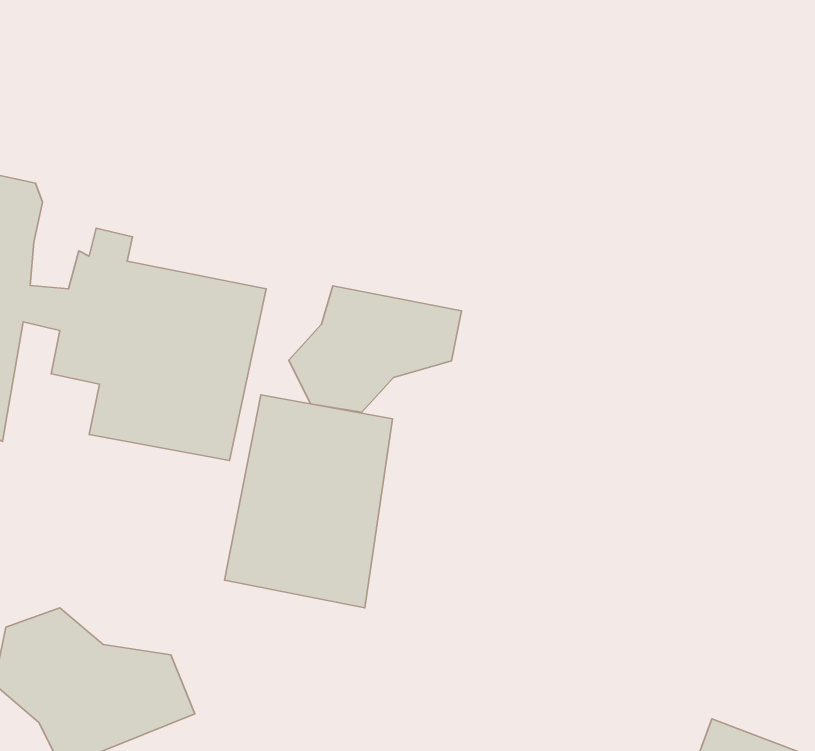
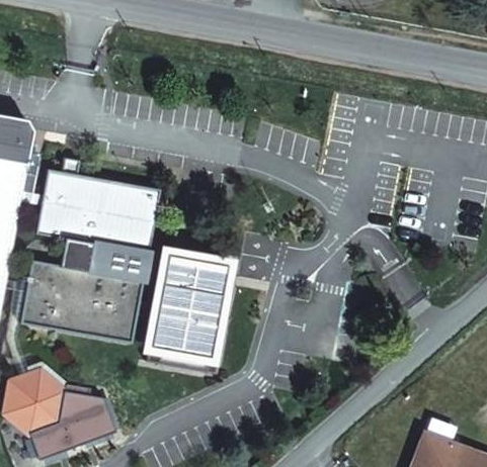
building: [289,286,462,412] -> none
building: none -> [16,261,142,345]

